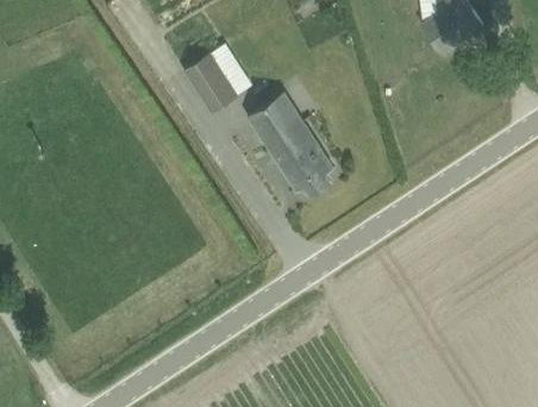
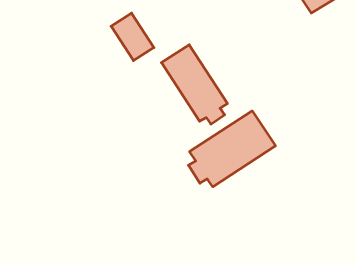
building: none -> [188,111,275,187]

